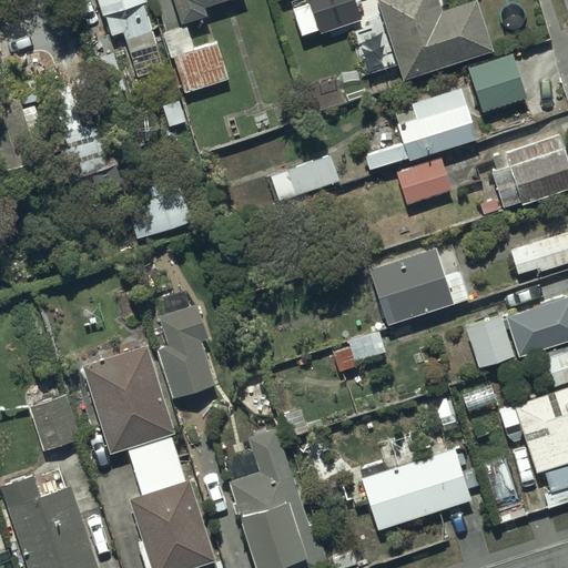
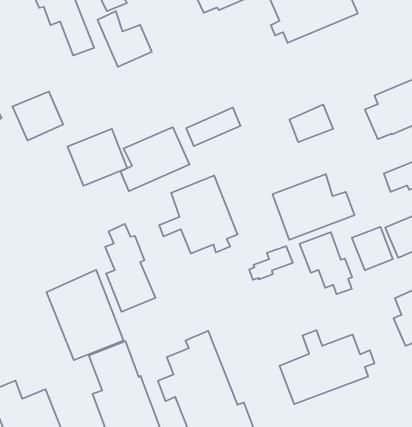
building: [468,54,525,113] -> none
building: [364,87,477,169] -> none
building: none -> [120,127,189,191]
building: none -> [159,176,238,253]
building: none -> [299,232,352,294]
building: [29,395,80,449] -> none

